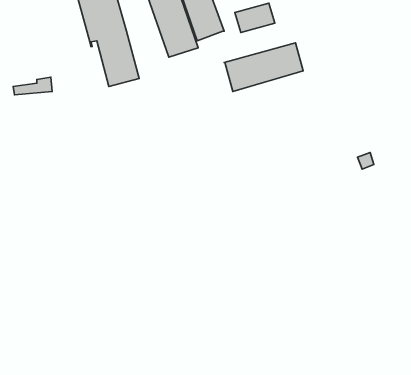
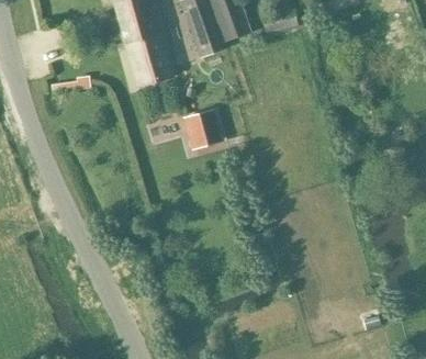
building: [224,43,303,92] -> none
building: none -> [183,110,216,145]

